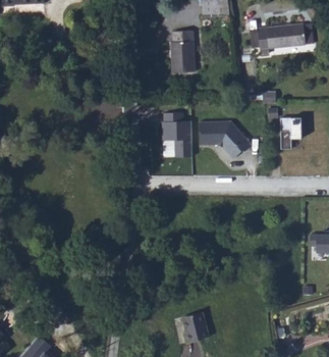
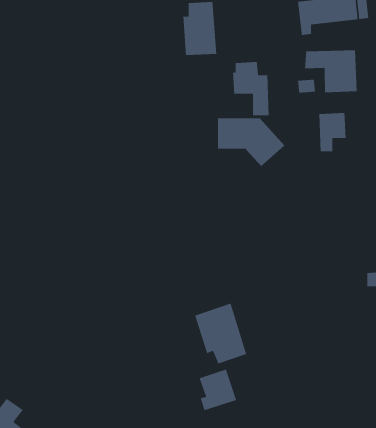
building: none -> [304,49,357,93]
building: [162,112,190,154] -> [232,61,270,116]
building: none -> [194,302,247,364]

